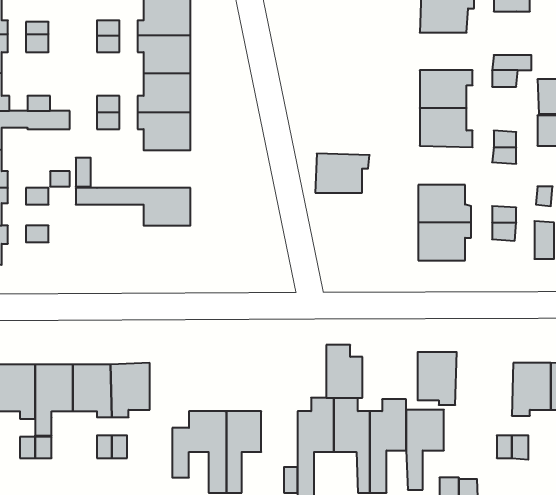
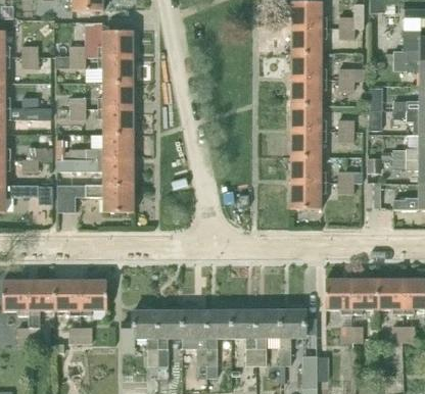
building: none -> [289,54,326,80]
building: none -> [70,134,134,159]
building: [315,154,370,193] -> [288,131,325,157]
building: none -> [56,185,134,211]
building: [326,345,362,398] -> [182,302,206,338]
building: [418,352,457,405] -> [326,278,352,313]

